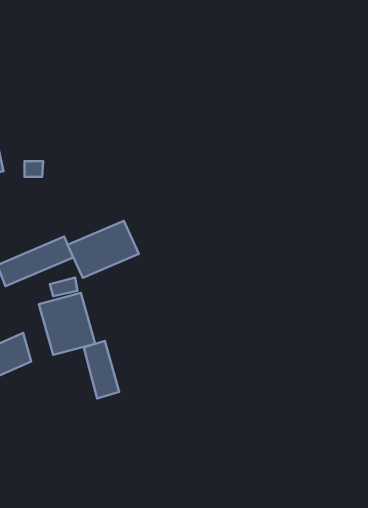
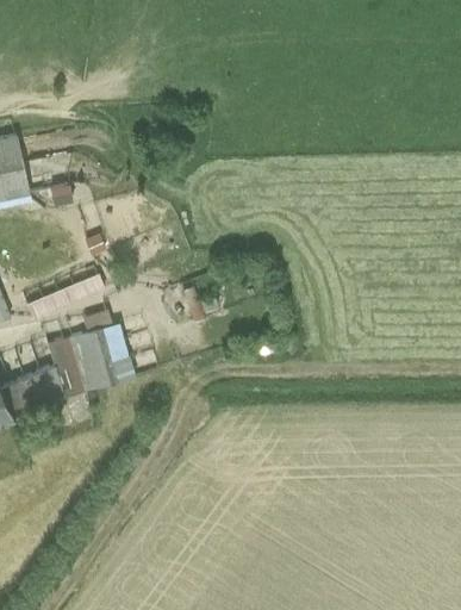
building: [68,221,139,278] -> none
building: [84,341,119,398] -> [46,338,85,400]

